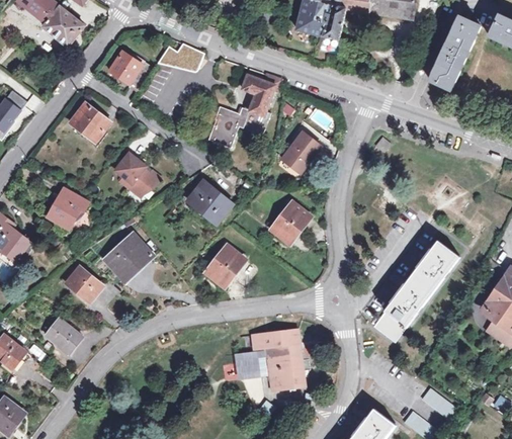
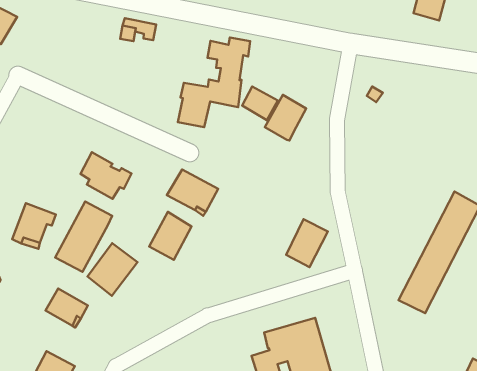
building: [109,52,154,91] -> none
building: [69,101,110,139] -> none
building: none -> [242,87,278,120]
building: none -> [55,202,112,272]
building: [271,201,311,244] -> [286,219,328,267]
building: [205,245,245,287] -> [149,212,191,260]

